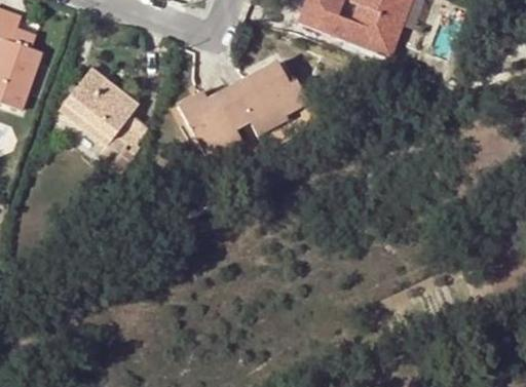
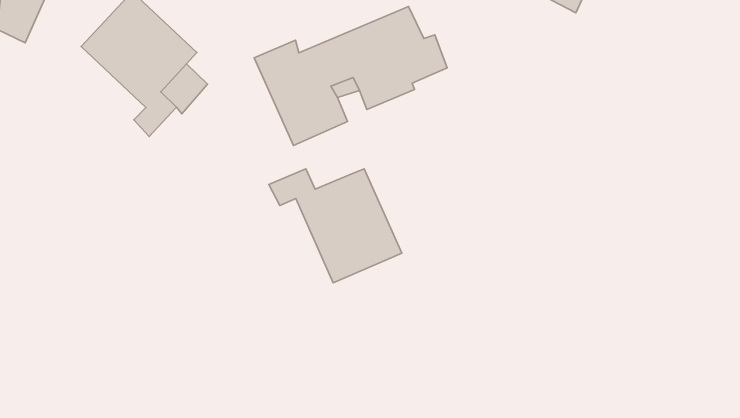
building: none -> [269,169,402,283]

